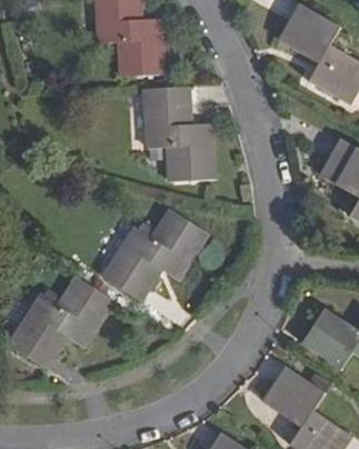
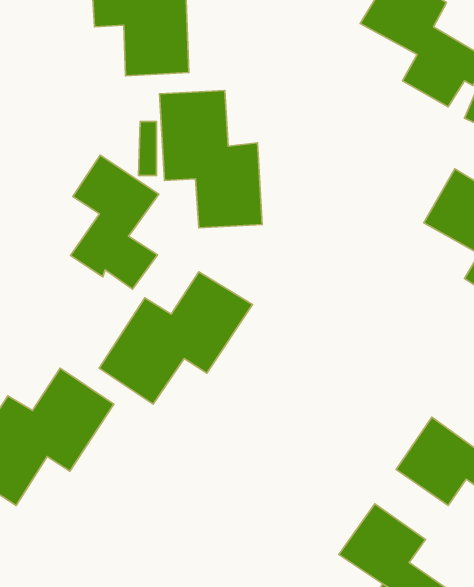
building: none -> [71,155,159,289]

